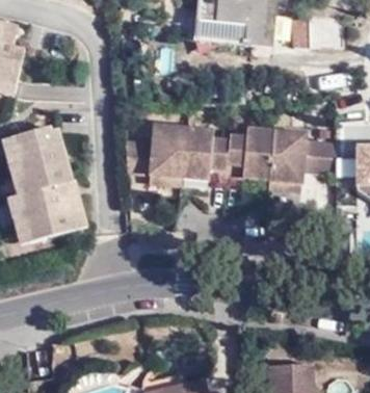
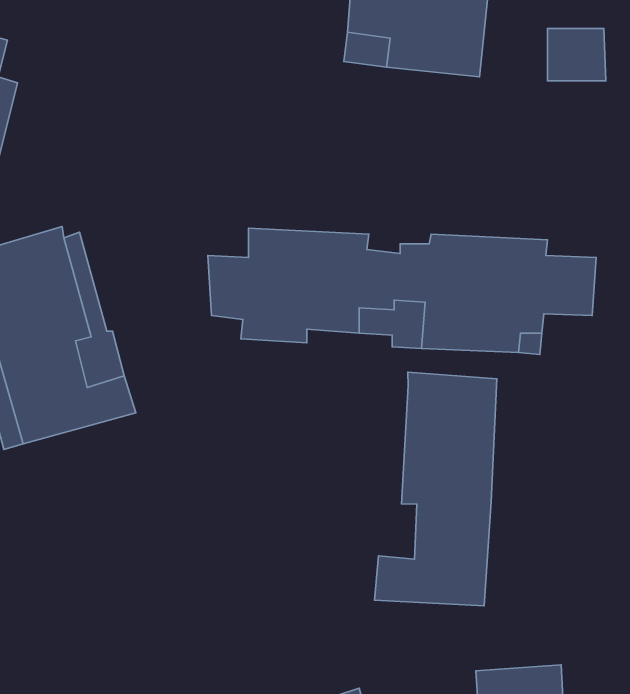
building: none -> [375,372,497,606]

